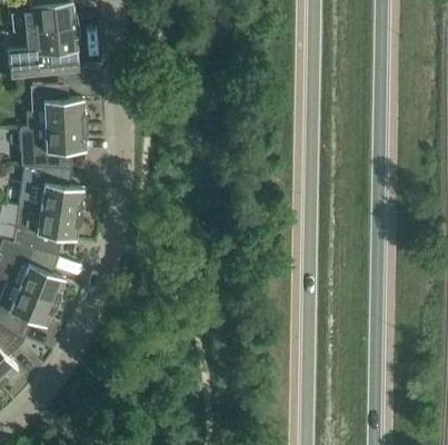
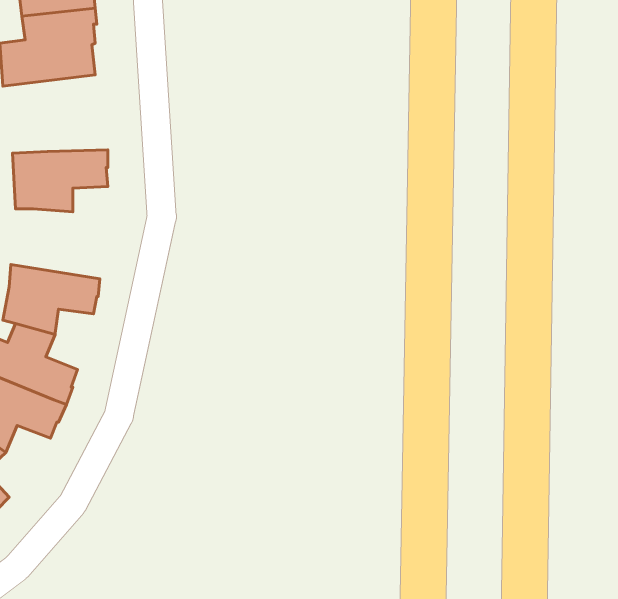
building: [30,86,86,127] -> none
building: [18,167,83,216] -> none

